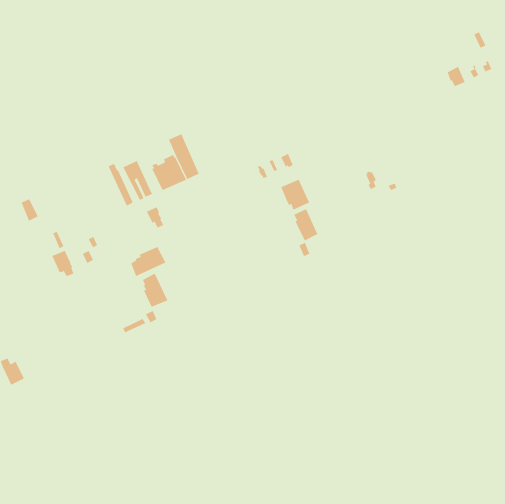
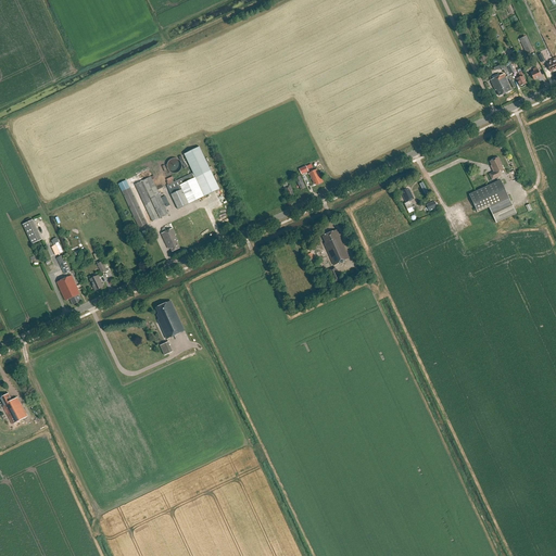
building: none -> [469,156,516,222]
building: [281,179,310,210] -> none
building: [130,246,166,277] -> none

